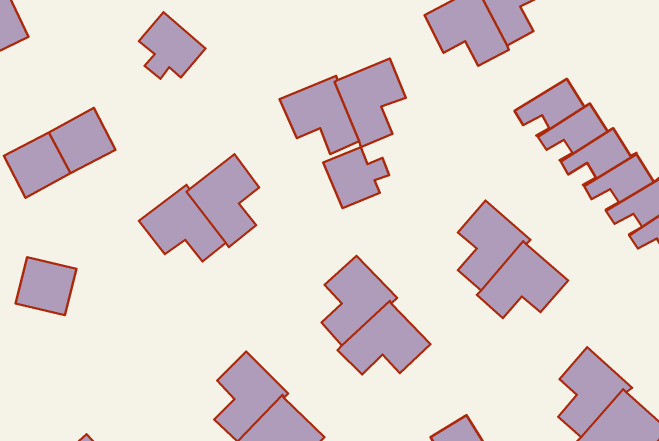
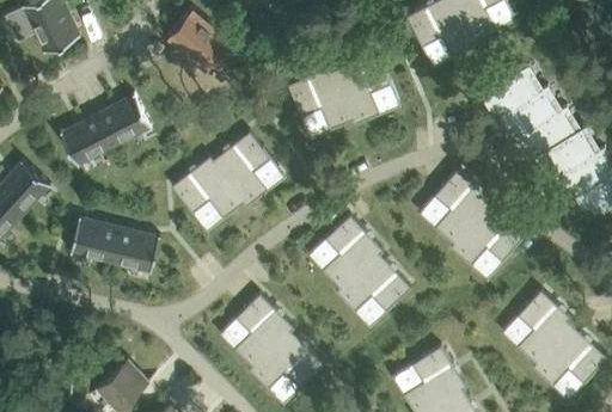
building: [323,147,389,208] -> none
building: none -> [109,226,159,273]

